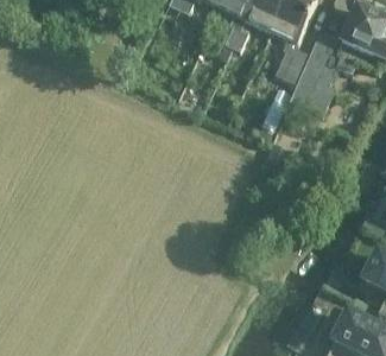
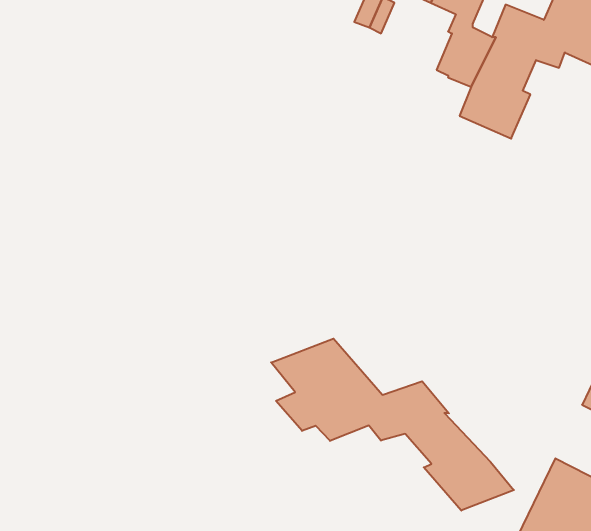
building: none -> [271,339,514,511]

